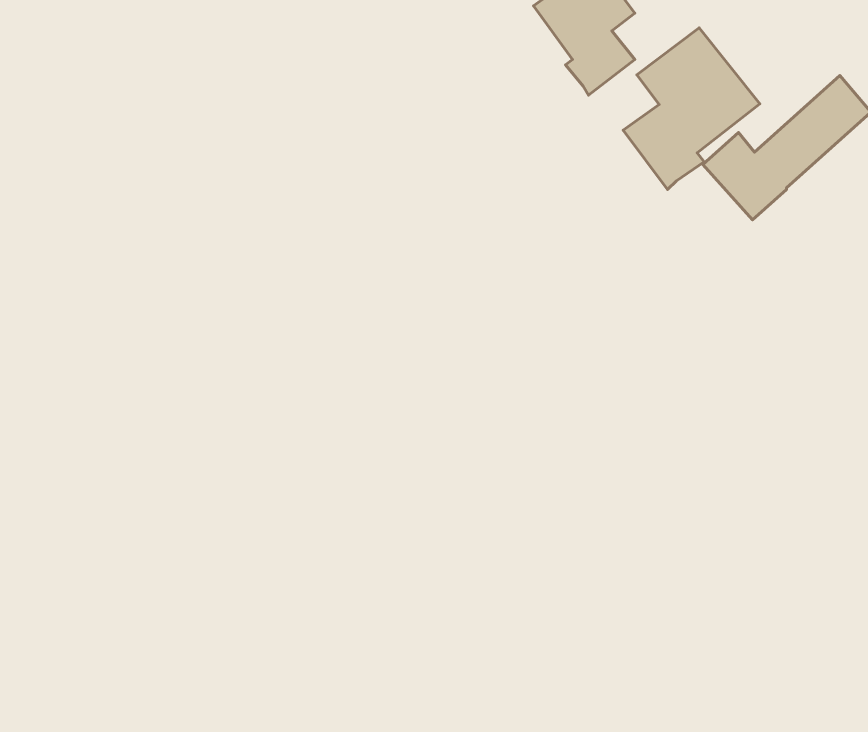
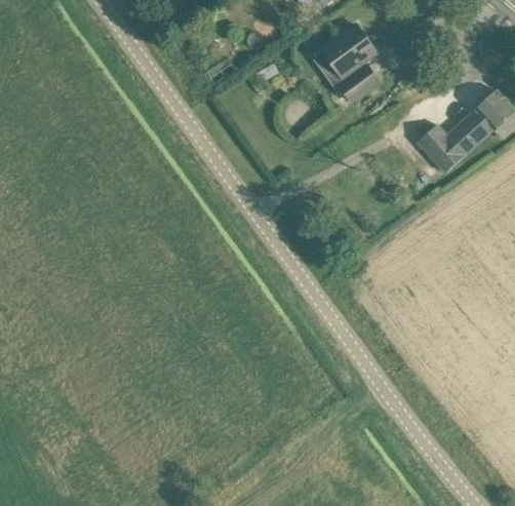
building: [623,28,760,189] -> none

